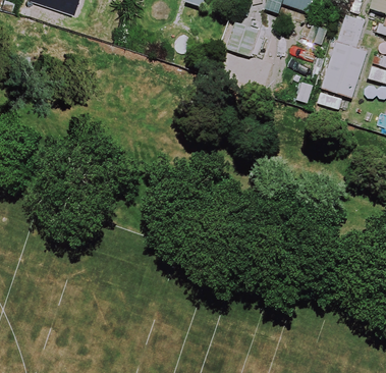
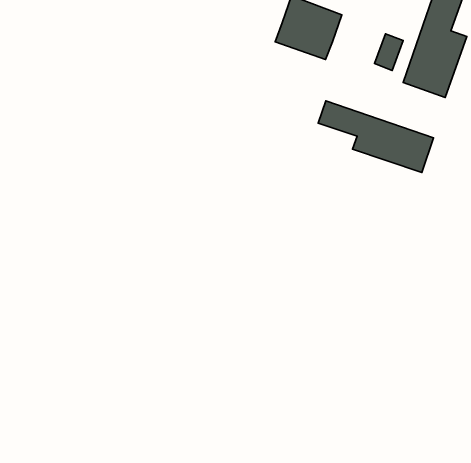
building: none -> [318,101,433,173]

